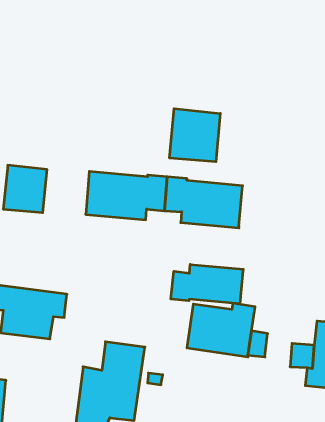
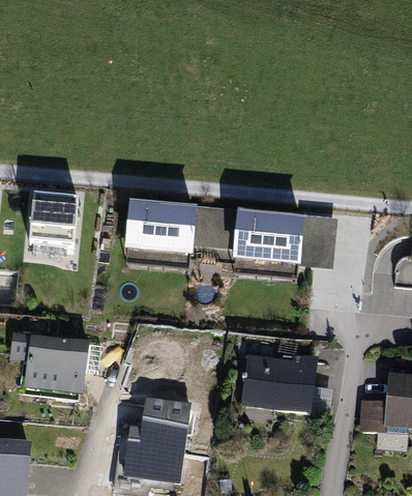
building: [170,109,220,162] -> none
building: none -> [300,213,337,266]
building: [171,264,243,304] -> none

